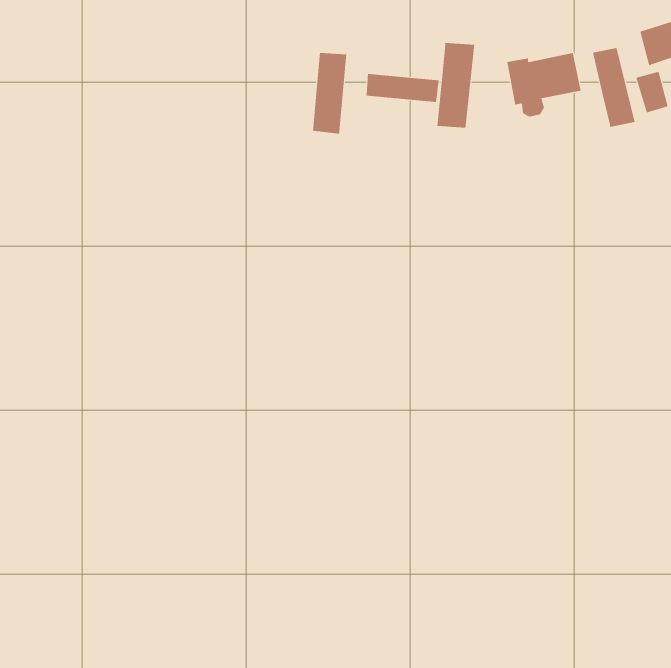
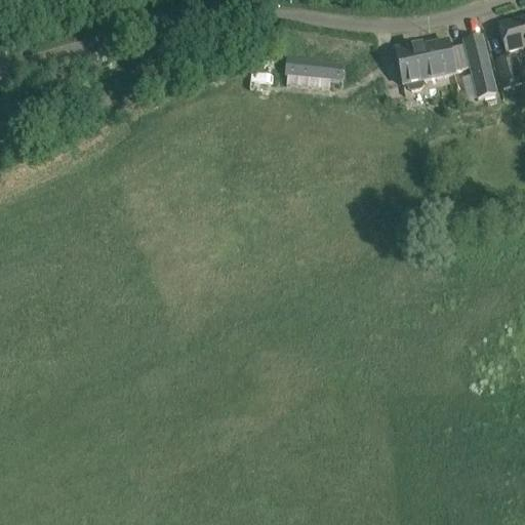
building: [437,42,475,129] -> none
building: [313,52,347,134] -> none

